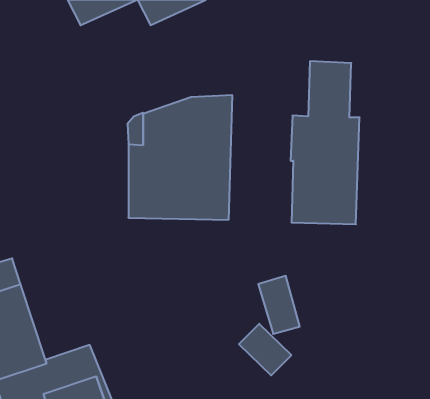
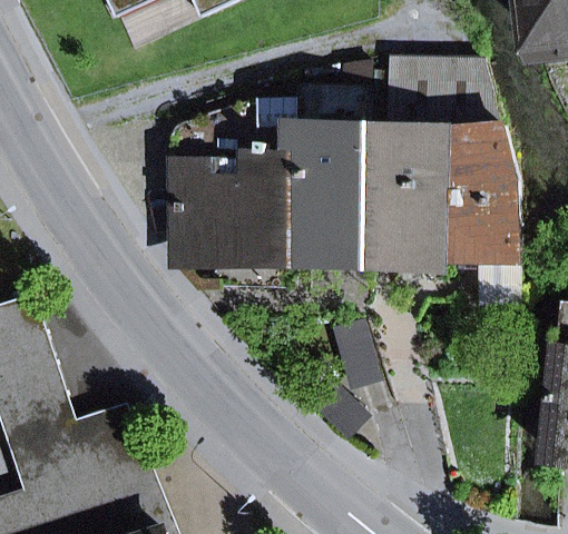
building: none -> [444,80,522,275]
building: none -> [298,103,376,273]

